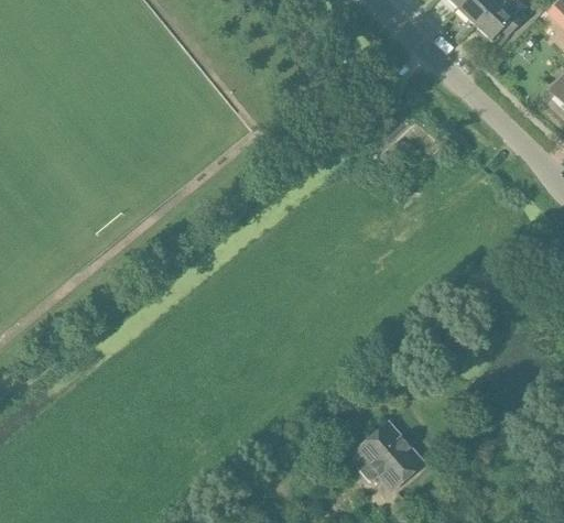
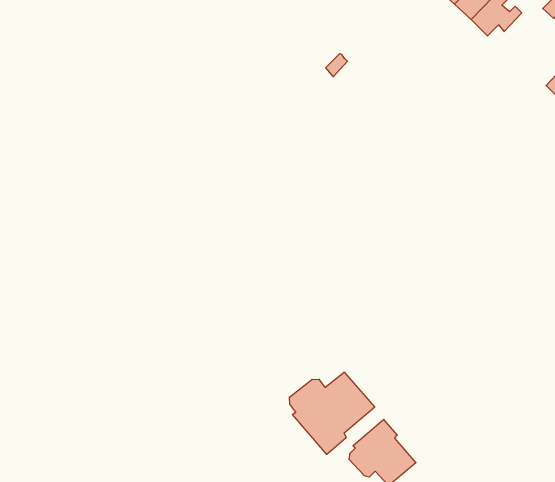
building: none -> [289,372,375,454]

